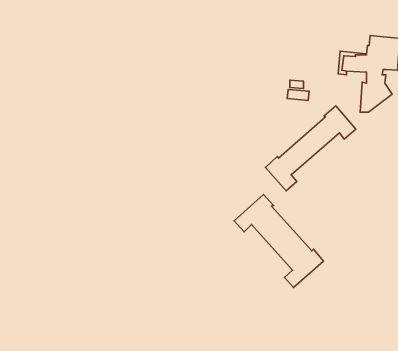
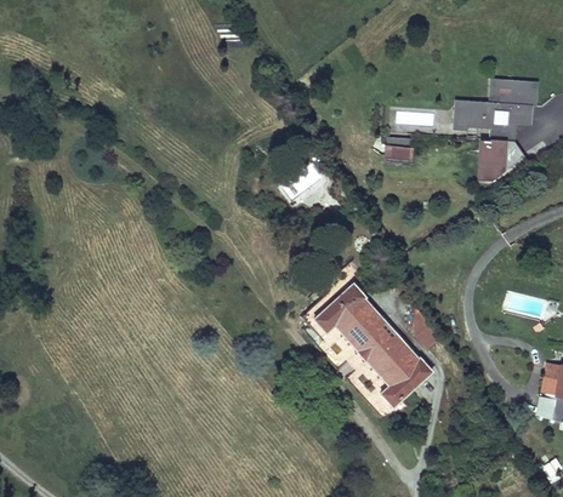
building: [265,106,356,191] -> none

